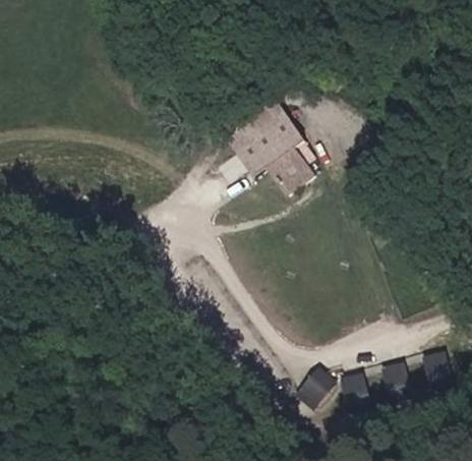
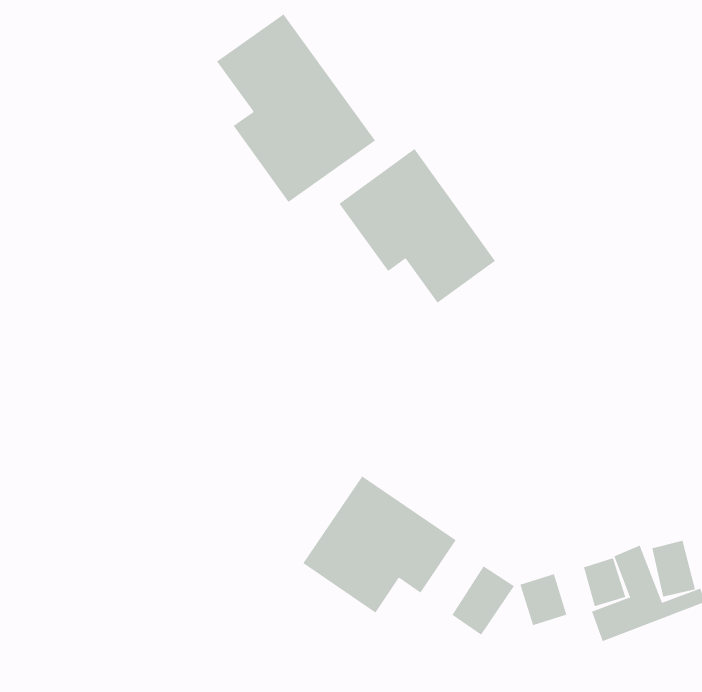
building: none -> [216,13,376,203]
building: none -> [303,475,457,613]

